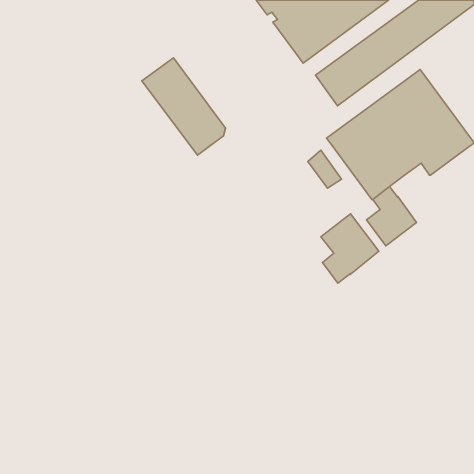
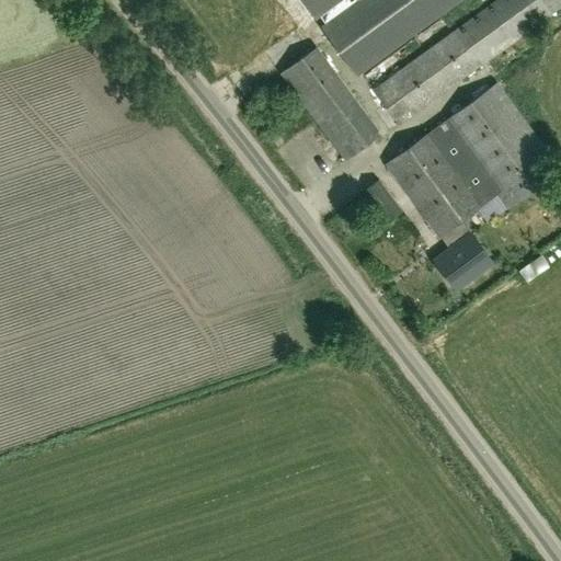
building: [142,58,225,155] -> [279,46,378,161]
building: [321,214,379,283] -> none

